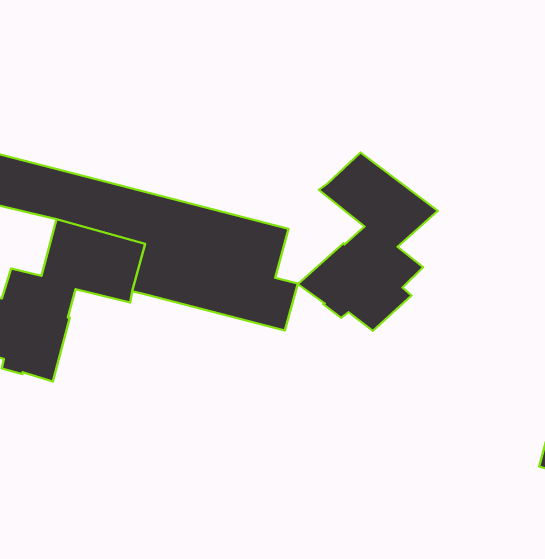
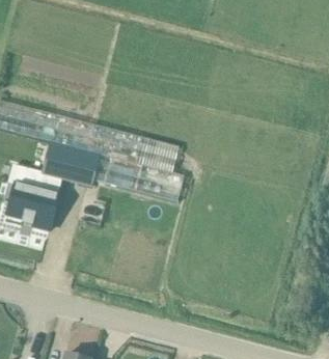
building: [298,153,438,331] -> none

